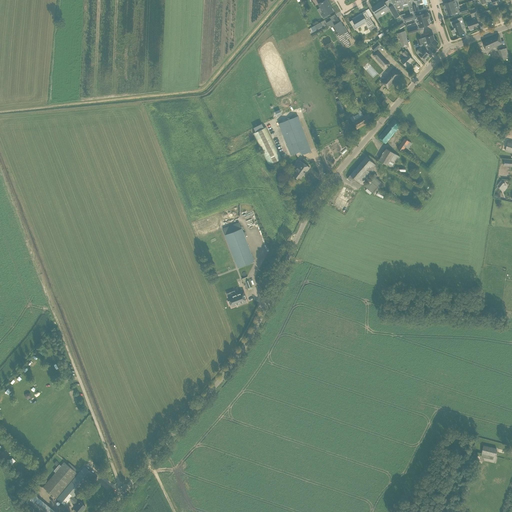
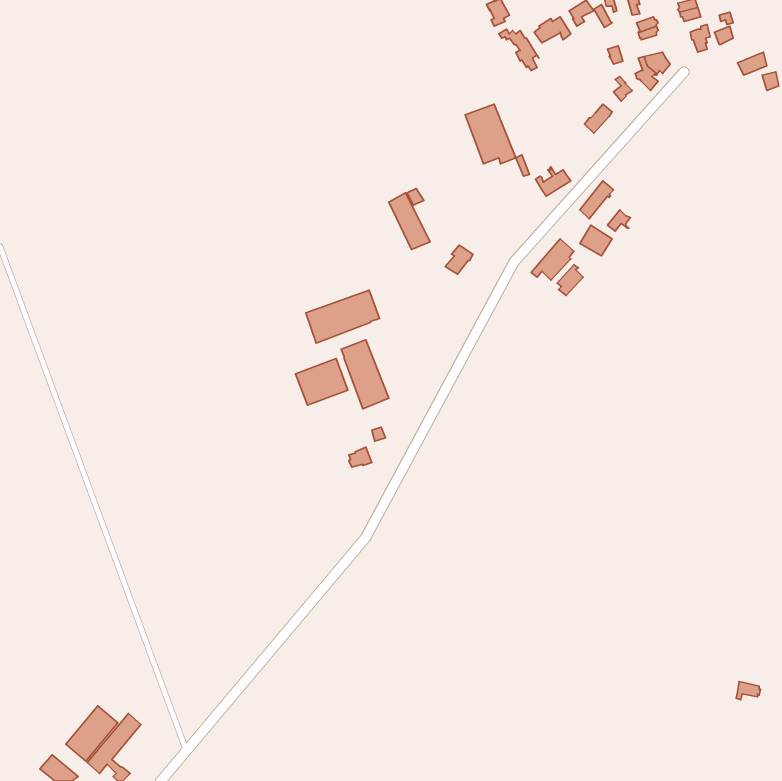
building: [278,115,311,154] -> [465,104,516,164]
building: none -> [306,290,380,343]
building: none -> [296,358,348,405]

